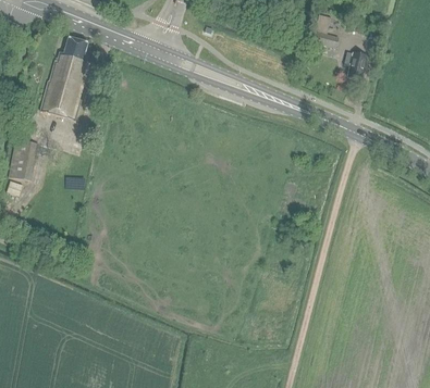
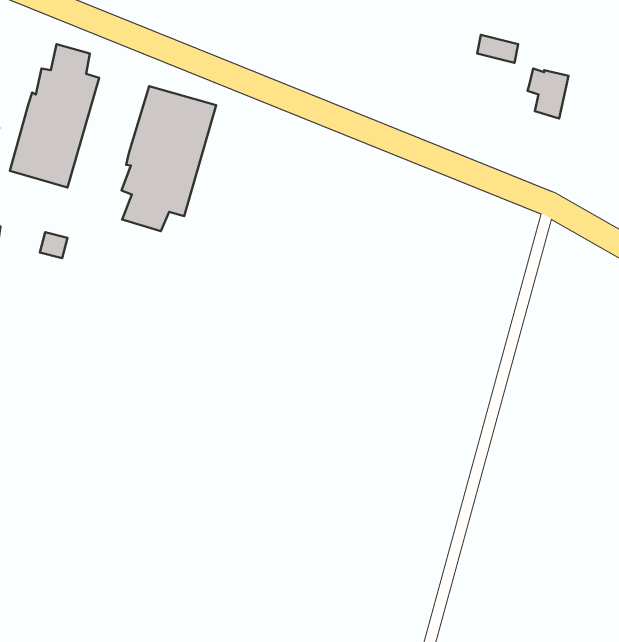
building: none -> [121,86,216,231]

